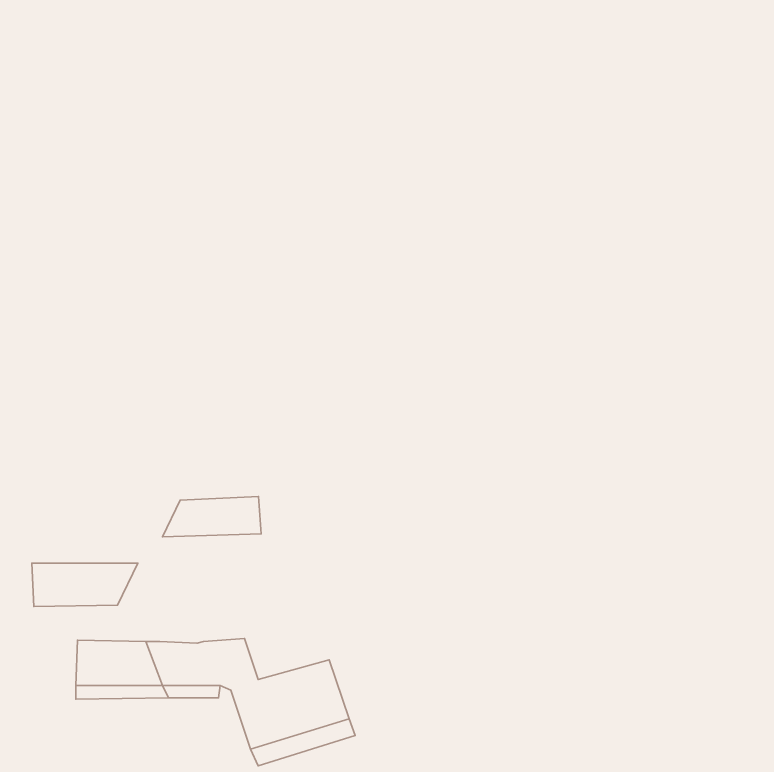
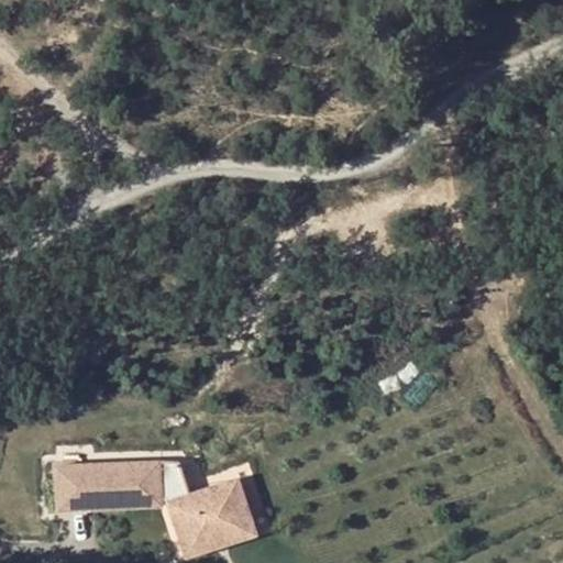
building: [162,497,261,537] -> none
building: [32,563,138,607] -> none

